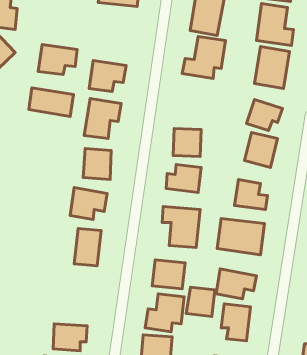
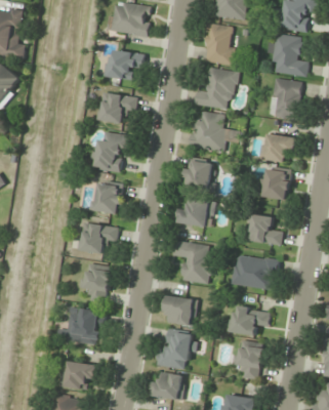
building: [38,44,77,74] -> [104,48,143,79]
building: none -> [190,110,239,153]
building: [29,88,73,116] -> none
building: none -> [55,306,104,344]
building: [186,287,215,316] -> none

